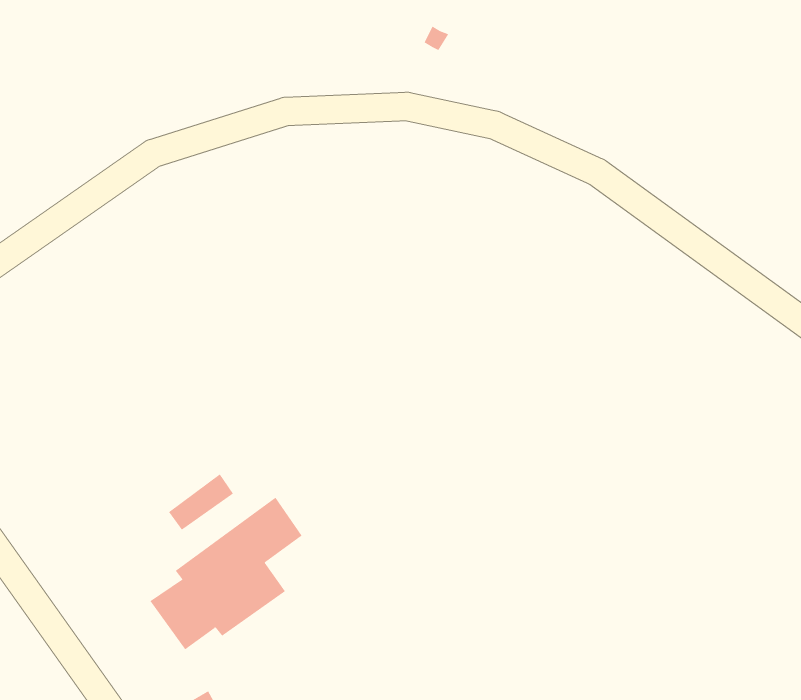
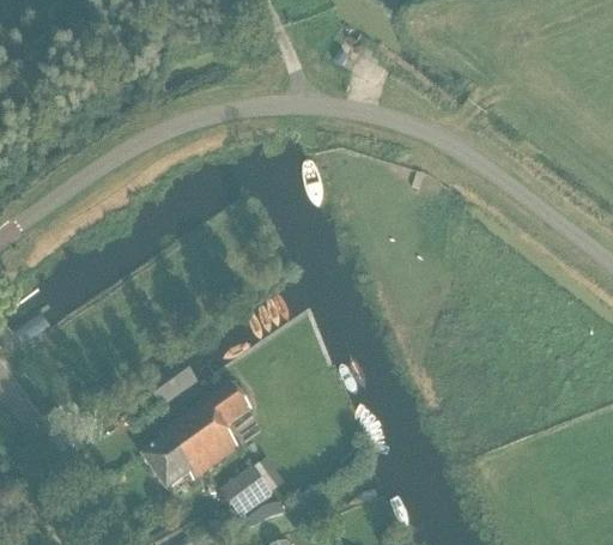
building: none -> [219,459,284,519]

